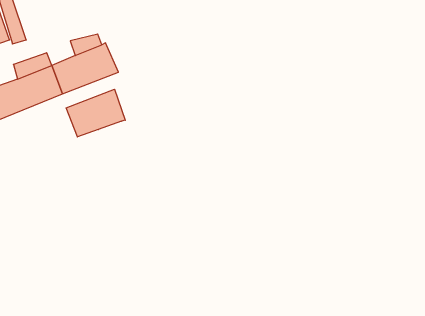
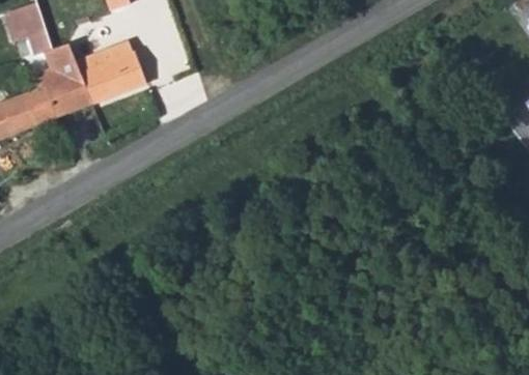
building: [66,89,125,137] -> none

